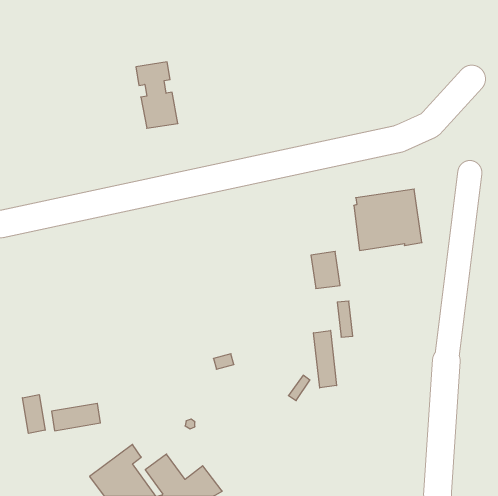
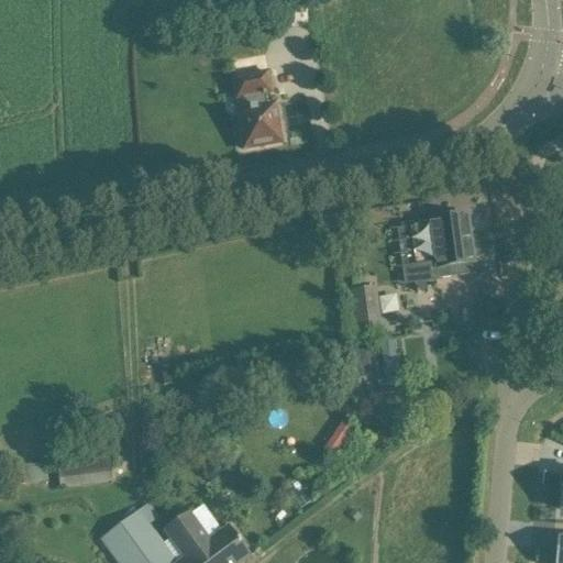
building: [136,62,178,128] -> [233,71,280,146]
building: [314,330,337,388] -> none
building: [22,395,45,433] -> none

